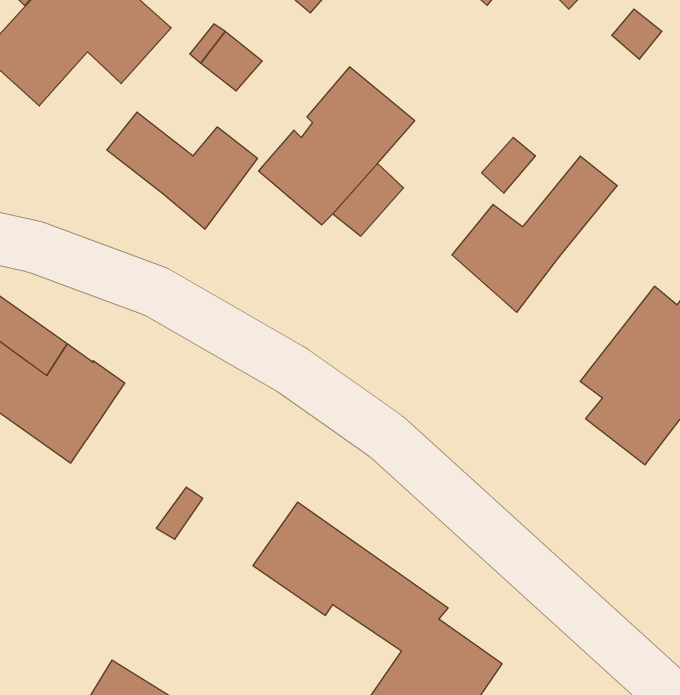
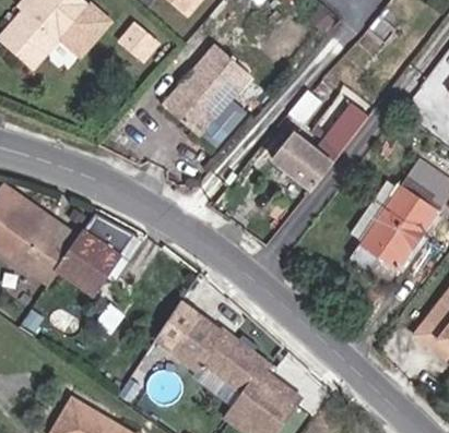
building: [107,112,257,229] -> none
building: none -> [58,212,132,290]

